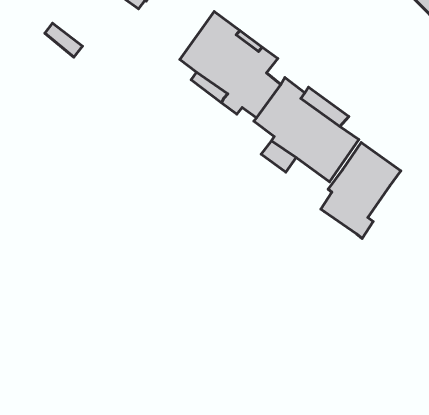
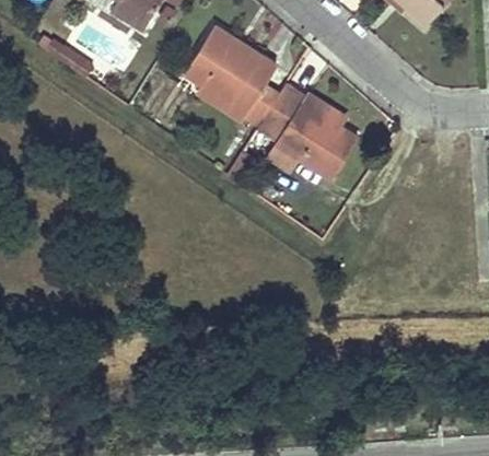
building: [321,142,401,238] -> none

